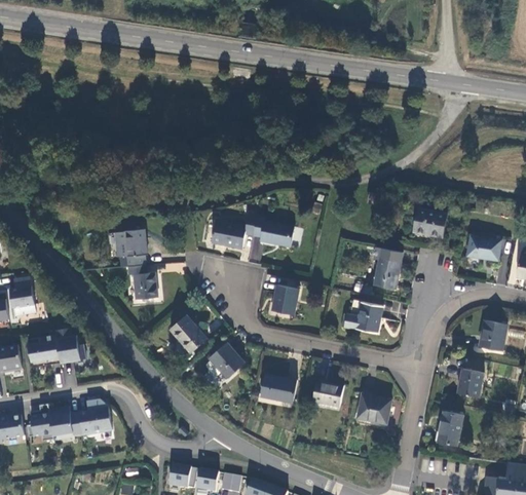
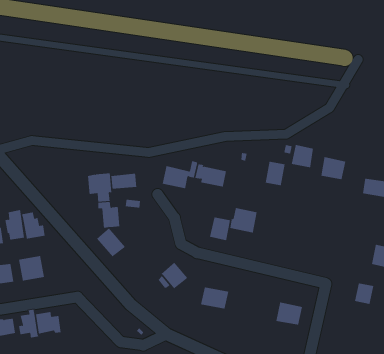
building: none -> [291,144,314,168]
building: none -> [111,173,137,189]
building: [374,257,401,289] -> [265,161,286,186]
building: [346,300,382,333] -> [229,207,258,233]
building: [170,314,208,352] -> [96,228,126,257]
building: [54,327,85,361] -> [21,212,45,239]
building: [312,380,343,406] -> none
building: [79,398,112,433] -> none
building: [438,411,463,445] -> none

